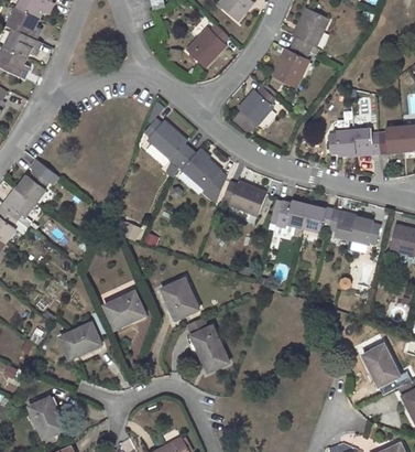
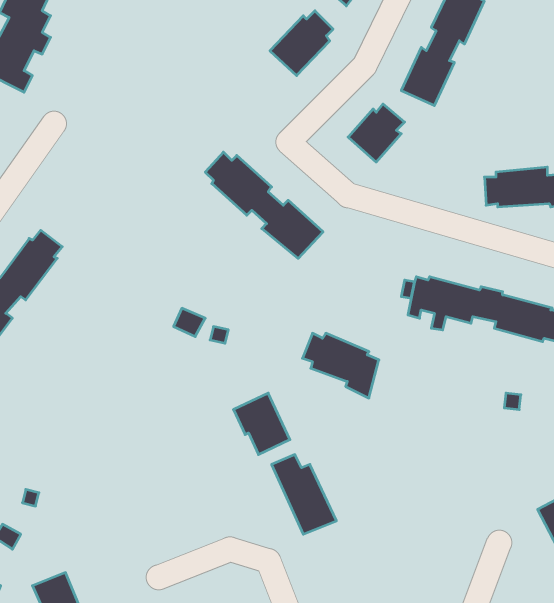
building: [222,181,273,224] -> [302,333,379,398]
building: [103,291,144,329] -> none
building: [59,322,101,358] -> none

